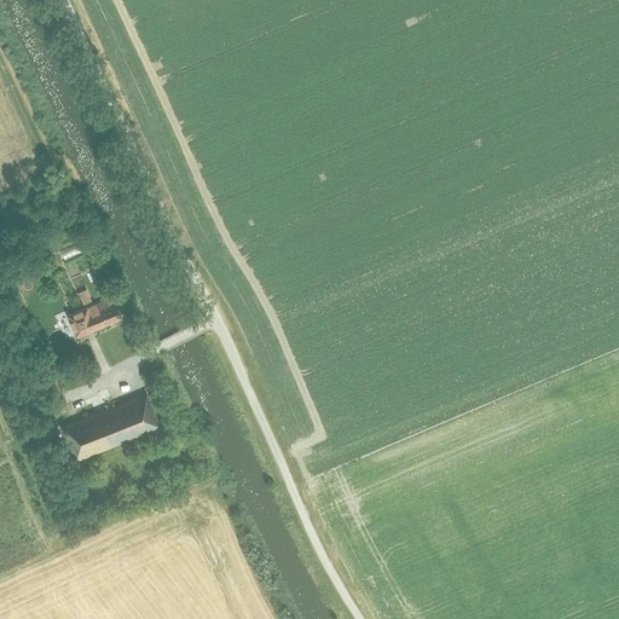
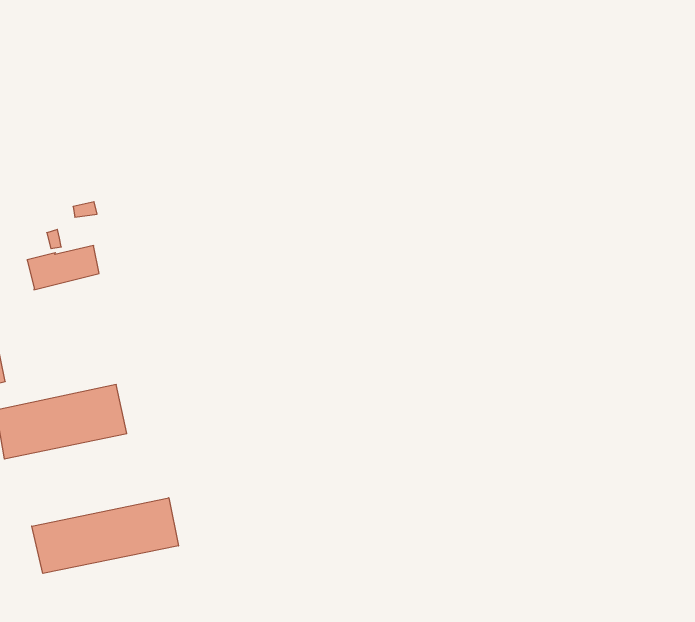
building: none -> [32,498,178,573]

